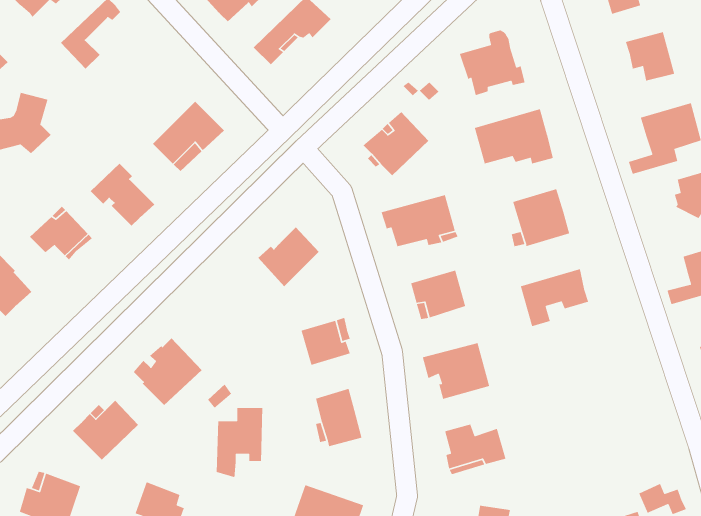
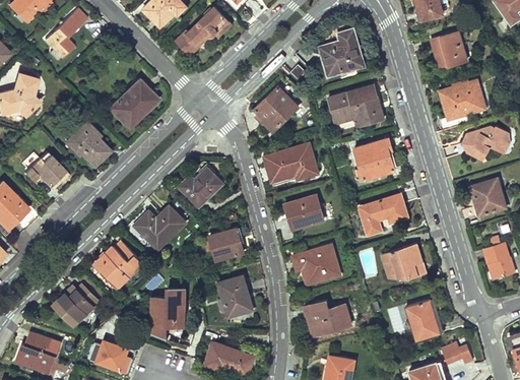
building: none -> [134,207,184,249]
building: none -> [381,244,421,280]
building: none -> [405,300,439,341]

